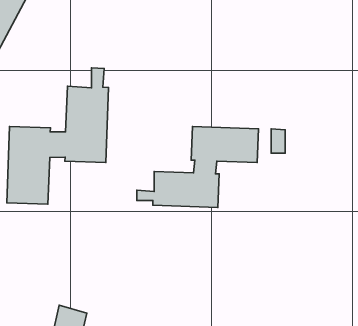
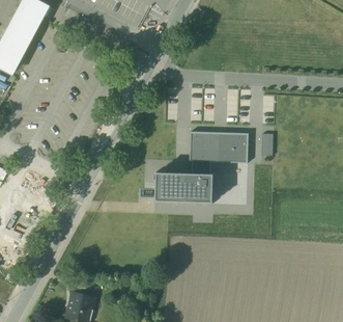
building: [7,68,108,204] -> none

